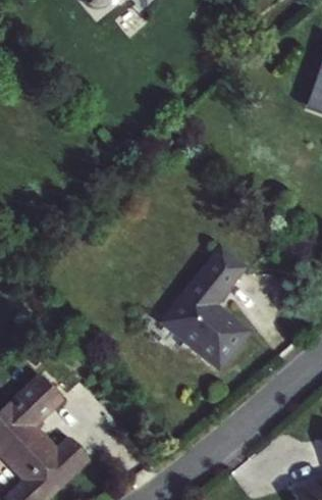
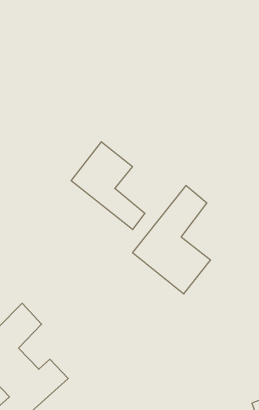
building: none -> [71,142,145,230]

